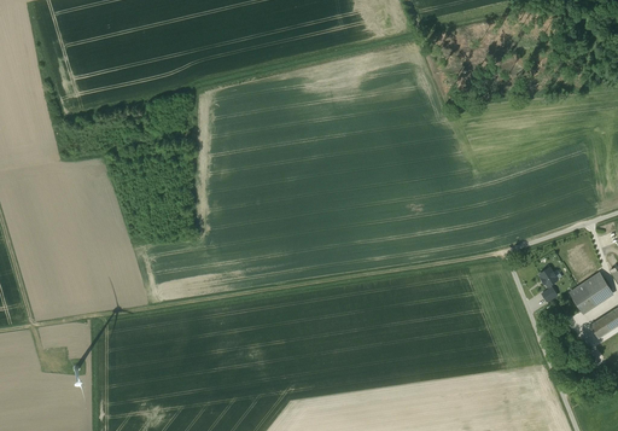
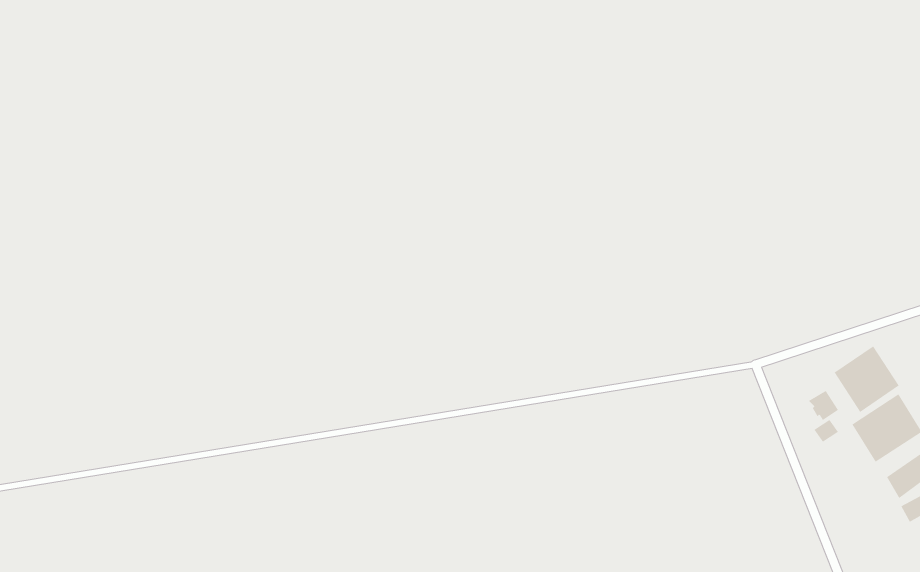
building: none -> [834,345,900,413]

